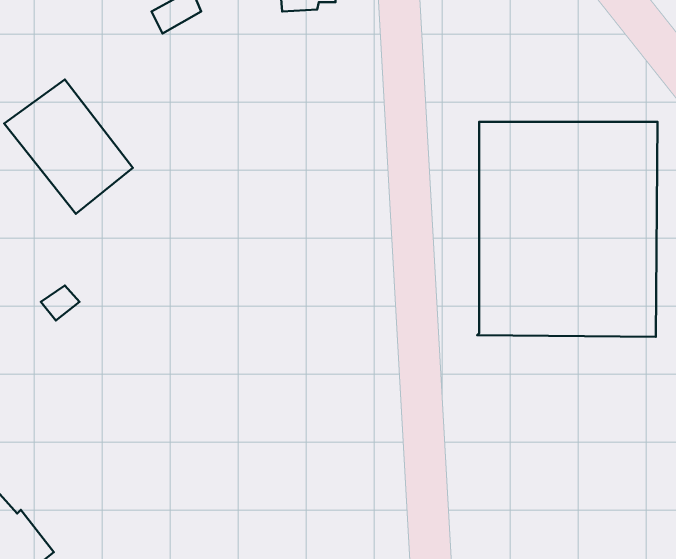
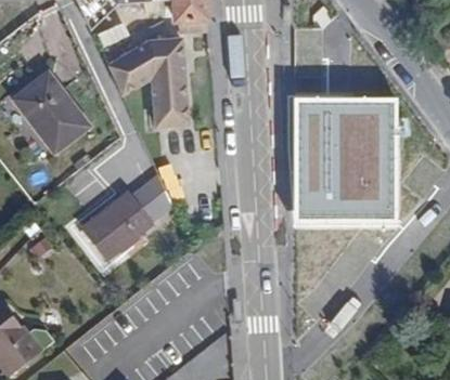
building: none -> [107,38,190,127]
building: none -> [80,174,169,258]

